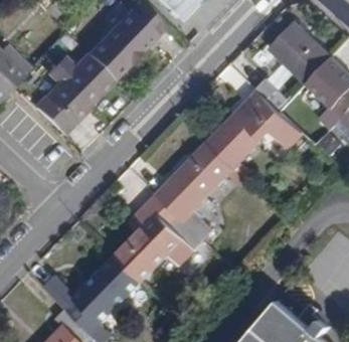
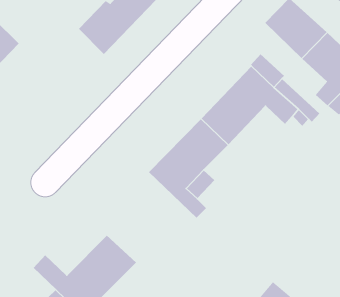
building: [29,54,112,134] -> none
building: [114,194,202,283] -> none

